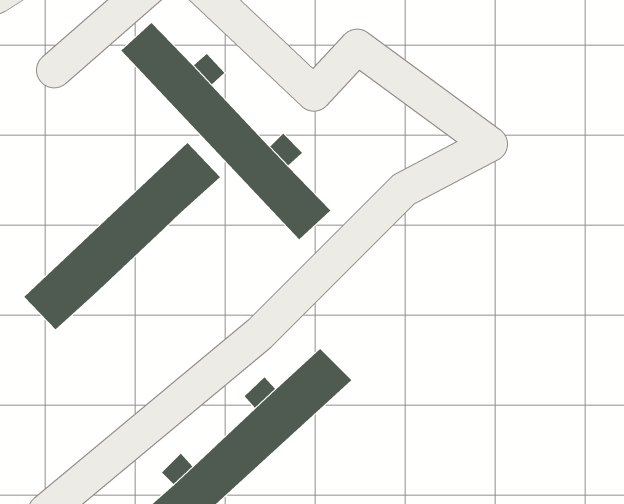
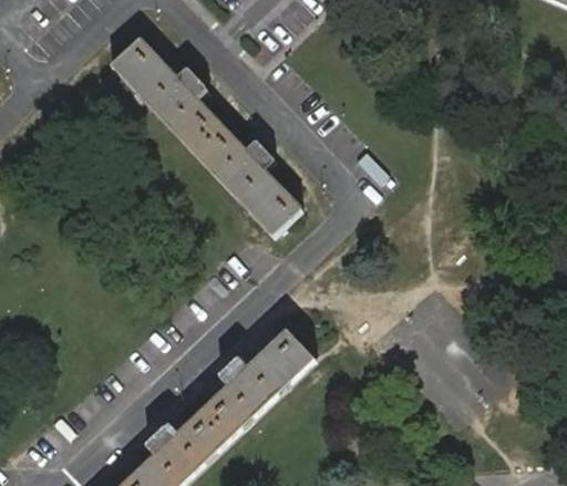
building: [23,142,221,330] -> none

